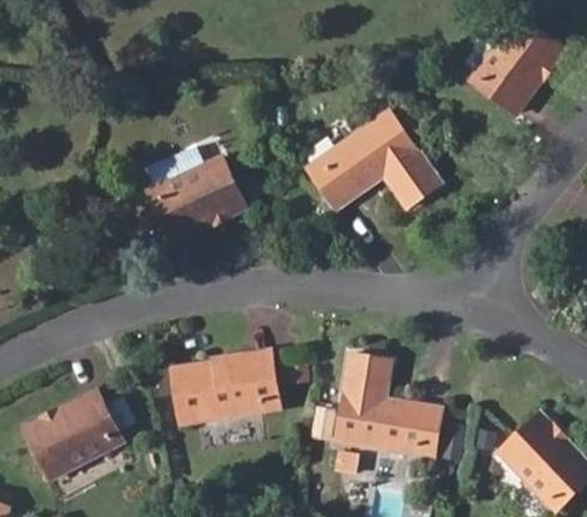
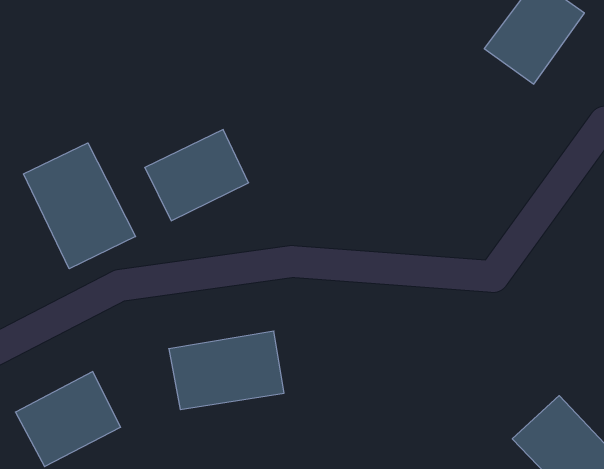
building: [306,109,442,209] -> none
building: none -> [23,143,136,269]
building: [335,353,442,459] -> none

